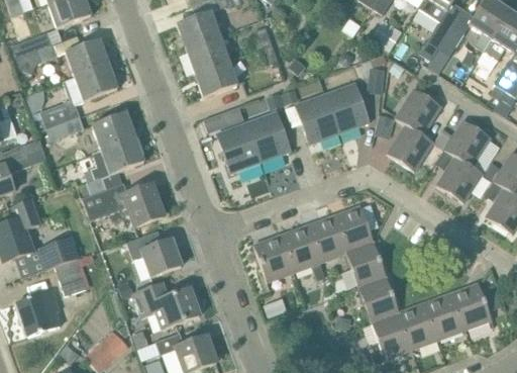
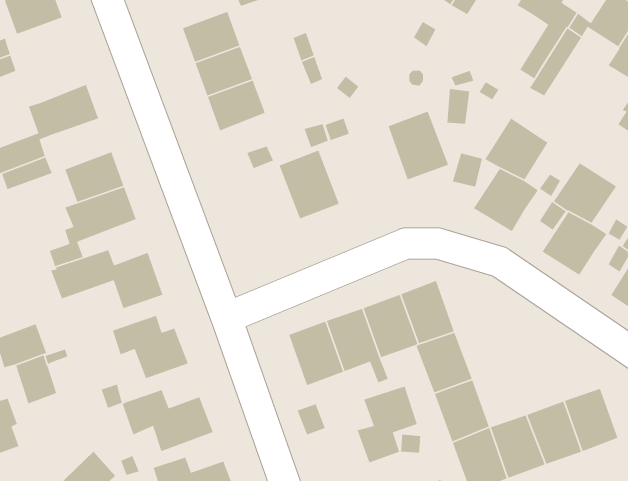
building: [66,38,108,76] -> none
building: [295,93,339,144] -> none
building: [217,121,262,172] -> none
building: none -> [357,385,418,464]

